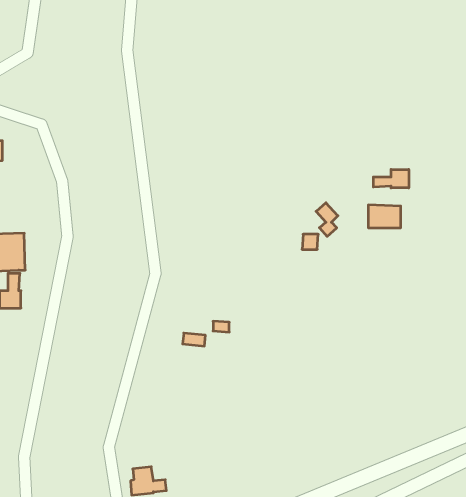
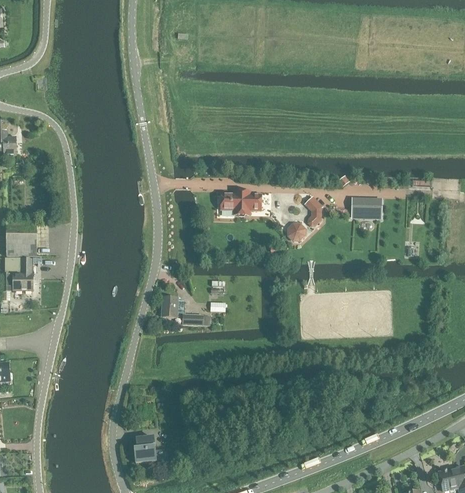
building: [373,169,409,188] -> none
building: none -> [220,191,260,215]
building: none -> [161,297,183,318]

